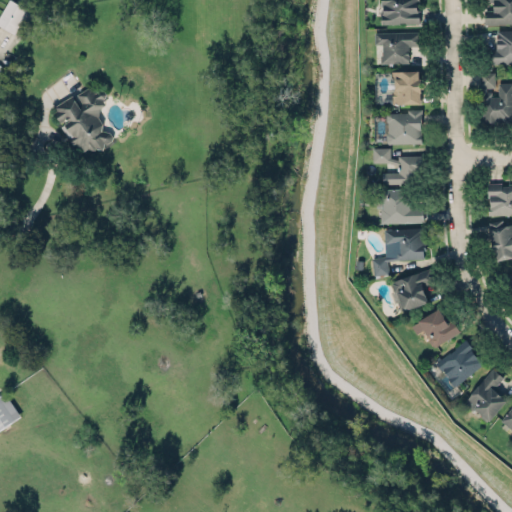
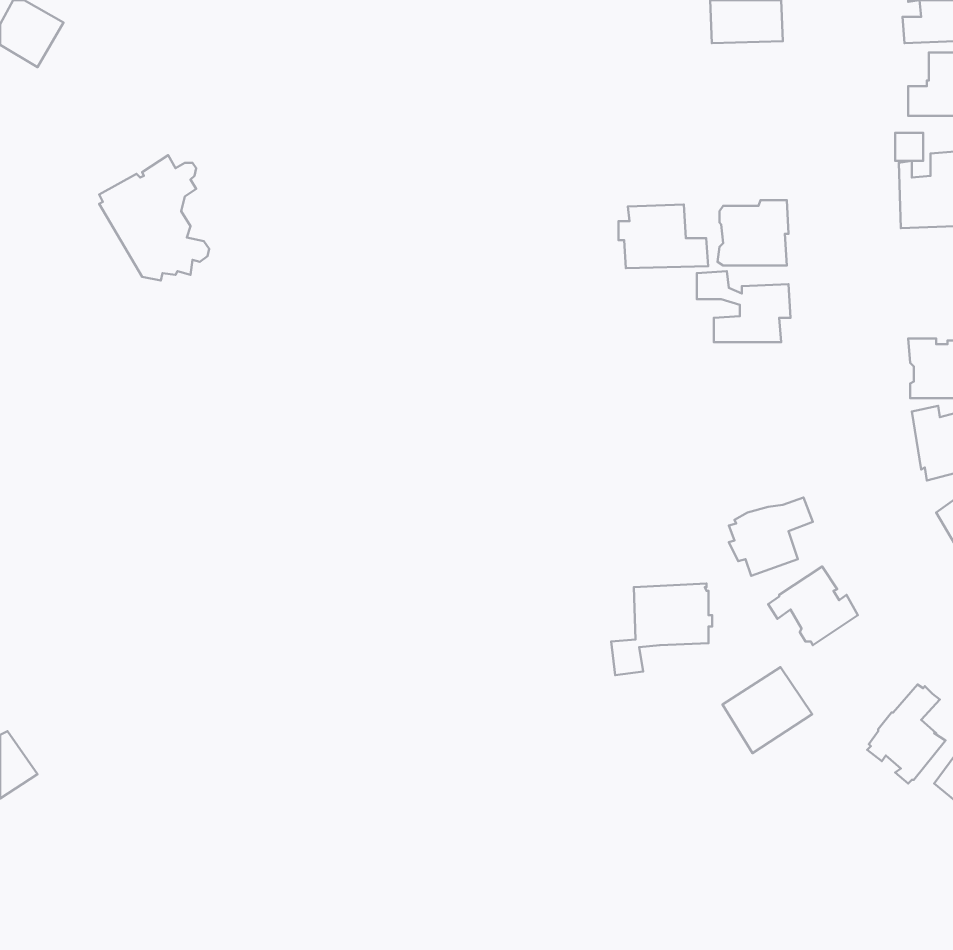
building: [375,31,421,64] -> none
building: [393,72,421,105] -> none
building: [377,189,425,223] -> [618,205,708,268]
building: [372,227,426,276] -> [611,583,712,675]
building: [436,342,484,388] -> [723,667,812,753]

